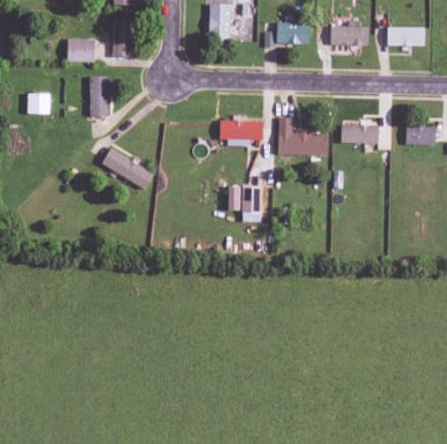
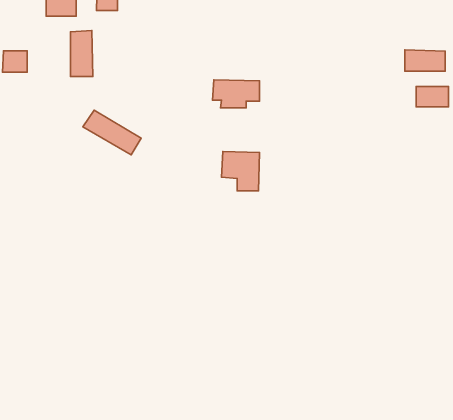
building: [278,117,328,154] -> none
building: [342,123,378,142] -> [405,50,445,71]

